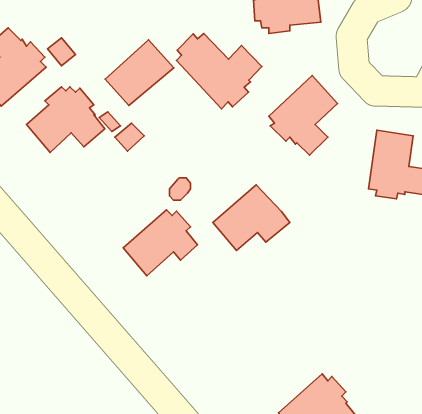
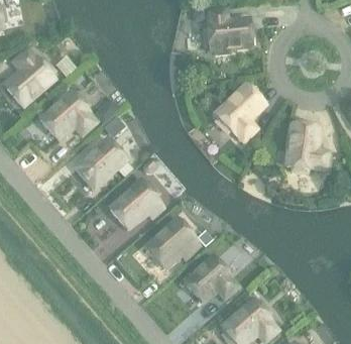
building: [177,33,262,109] -> none
building: [105,40,174,106] -> [76,139,125,187]
building: [213,185,290,251] -> [145,219,201,266]
building: none -> [184,256,237,302]

